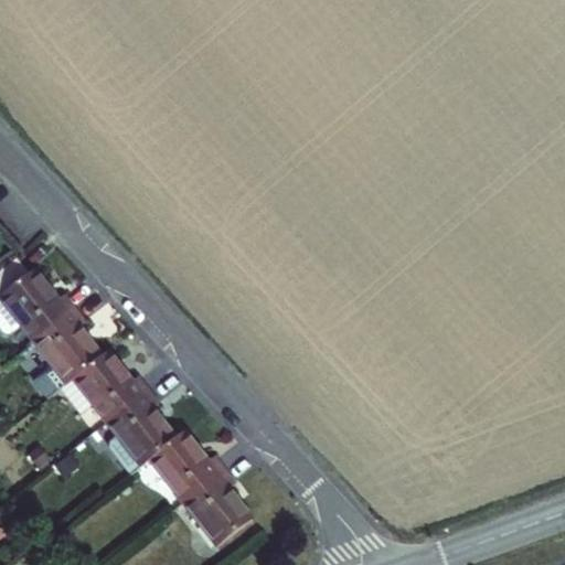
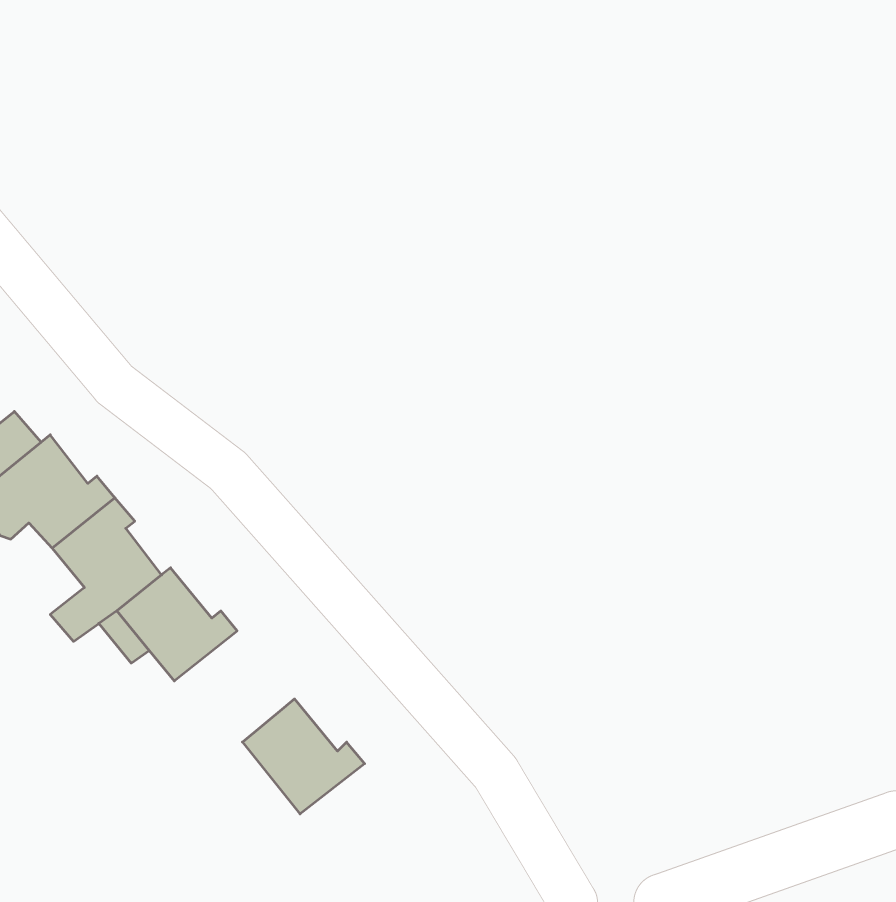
building: [107,387,174,469] -> none
building: [184,469,254,544] -> none

